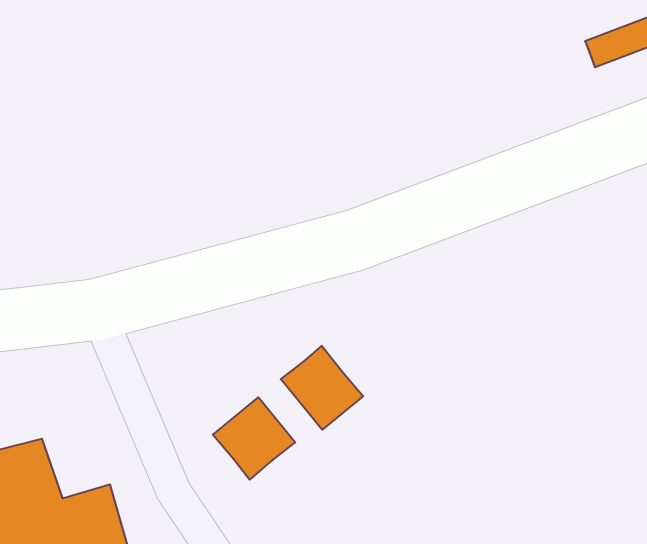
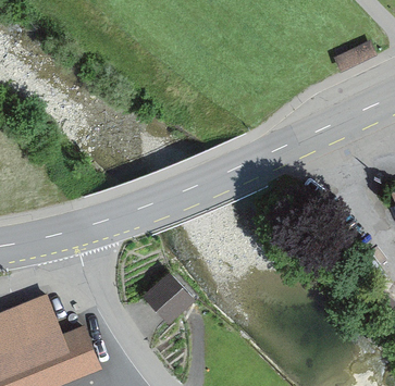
building: [281,346,363,430] -> none

